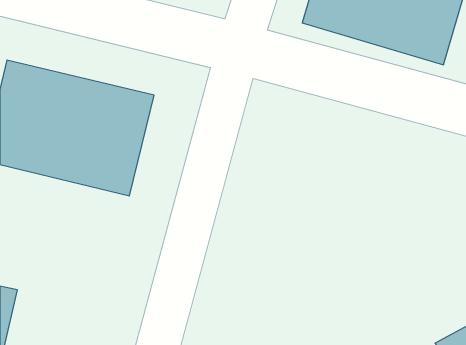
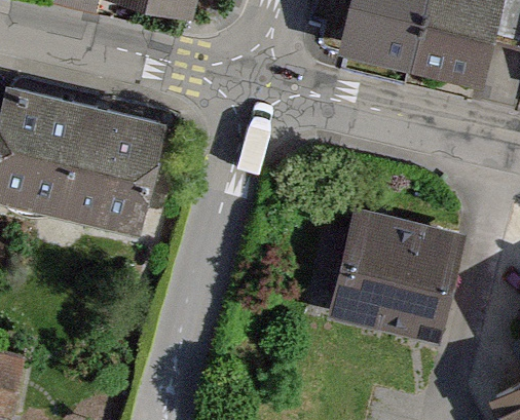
building: none -> [317,193,469,338]

